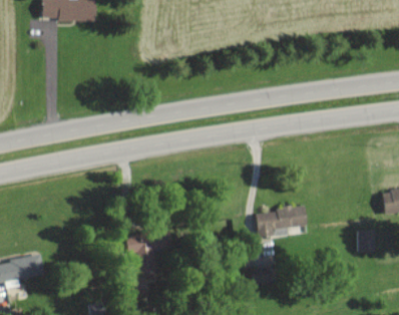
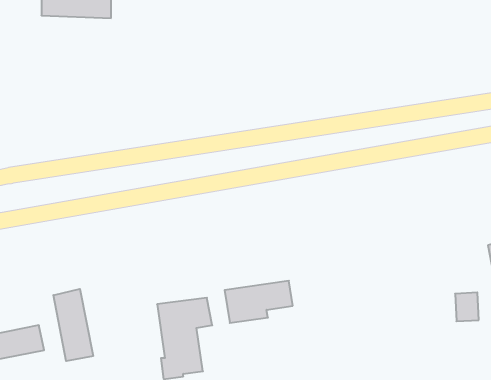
building: [256,205,308,237] -> [225,281,293,323]
building: none -> [53,289,93,361]

